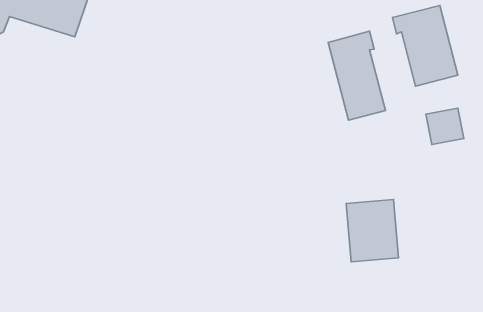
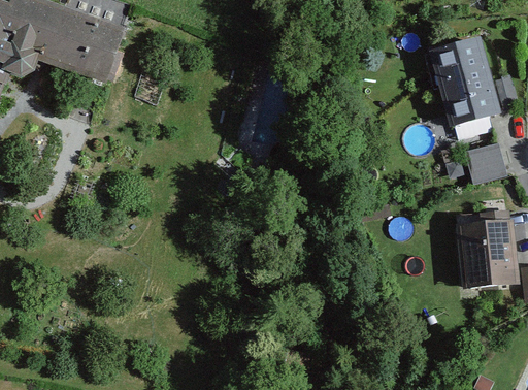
building: [328,31,385,120] -> none
building: [346,199,398,262] -> [463,221,517,285]

